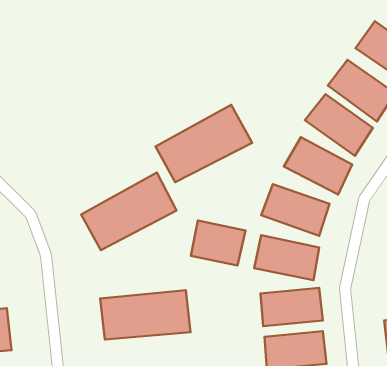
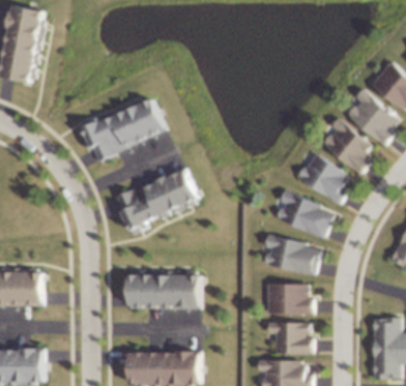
building: [156,105,252,182] -> [82,97,167,159]
building: [191,220,246,266] -> none

